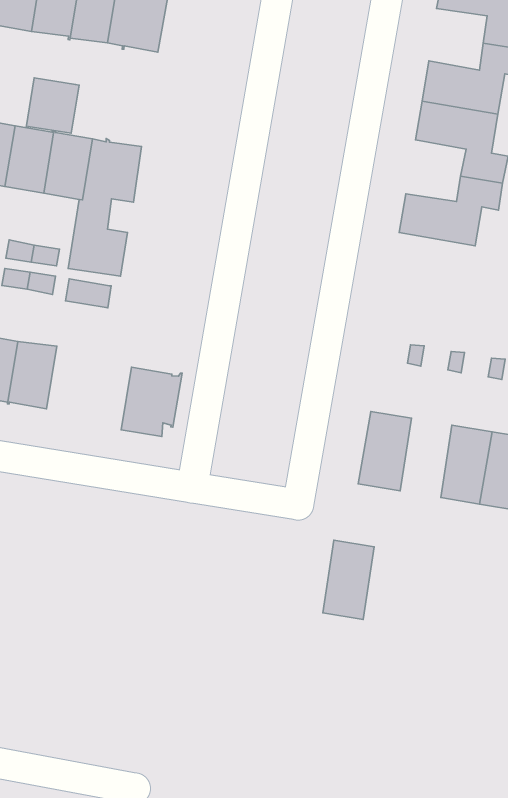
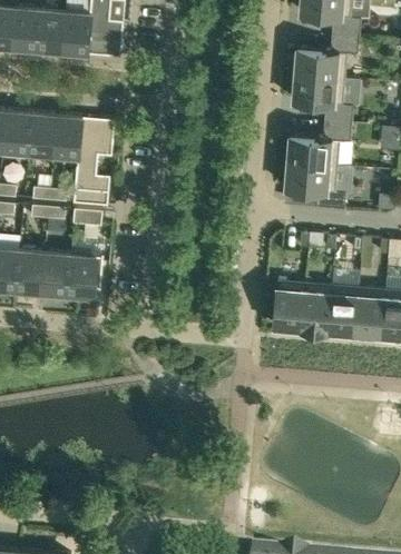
building: [26,78,79,133] -> none
building: none -> [284,162,345,209]
building: [121,367,182,436] -> [66,255,102,298]
building: [323,540,374,619] -> [301,283,331,333]

